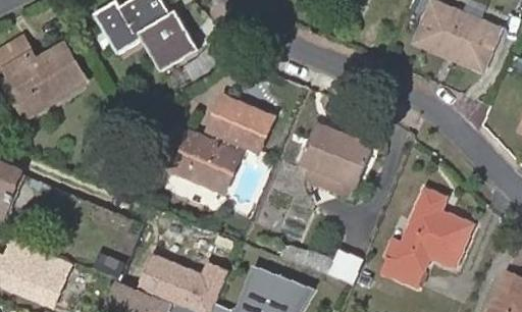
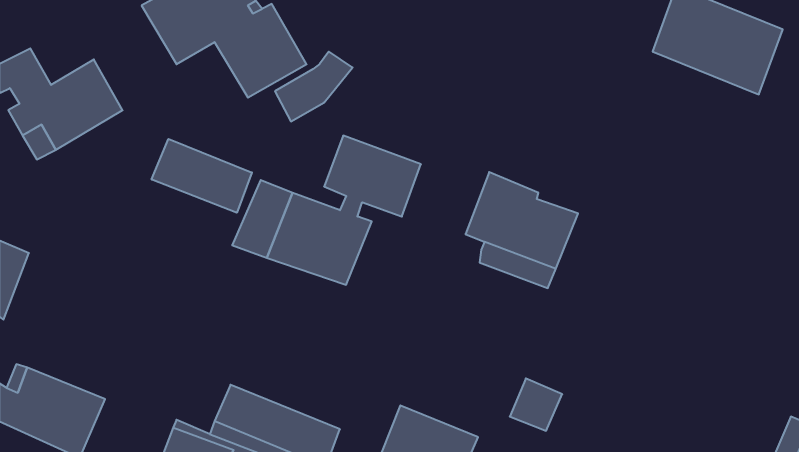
building: none -> [152,139,252,213]
building: [379,188,472,287] -> none

